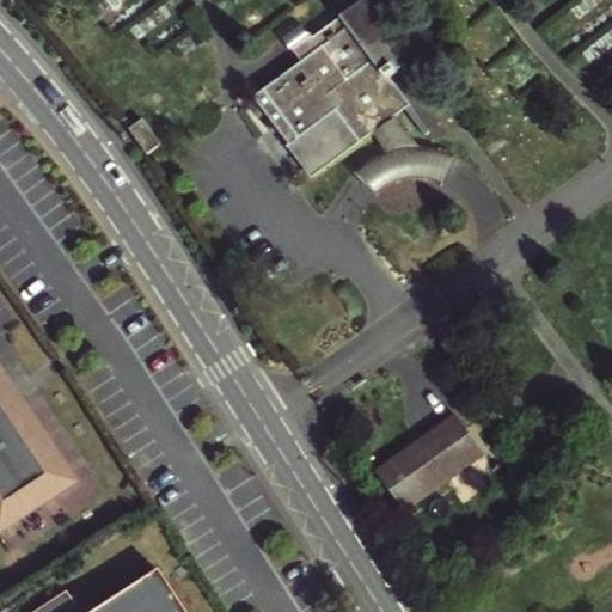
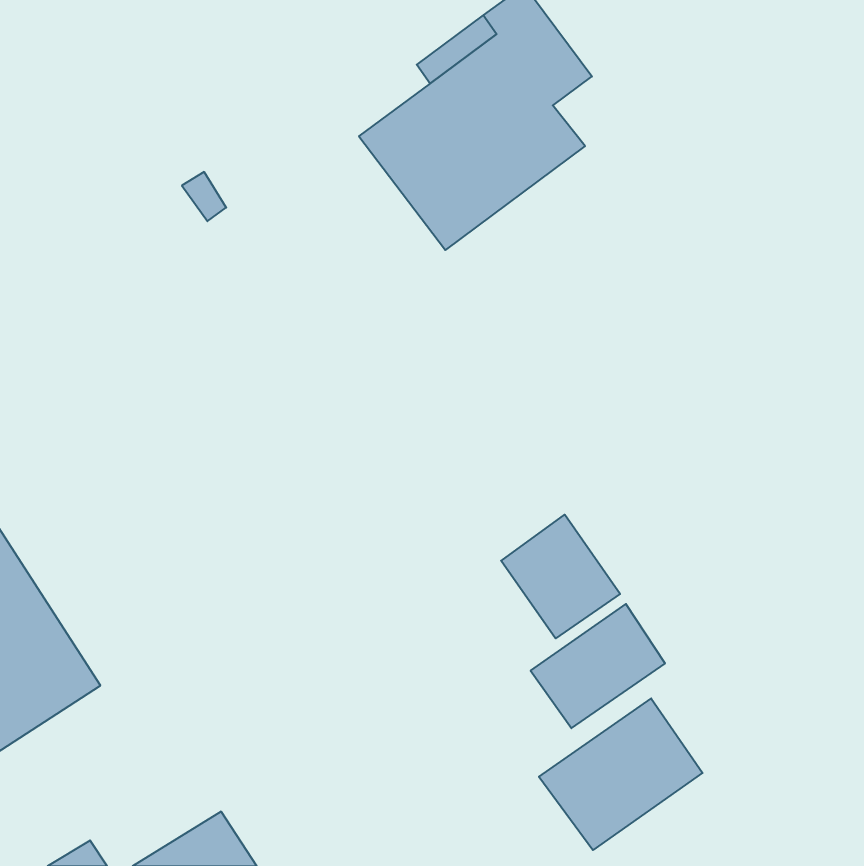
building: none -> [501,515,620,638]
building: none -> [539,698,703,850]

